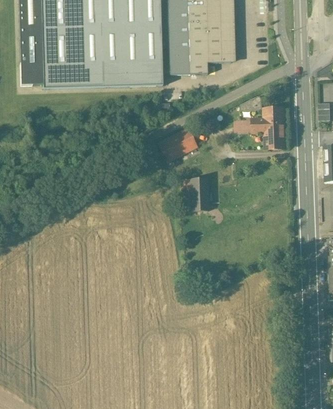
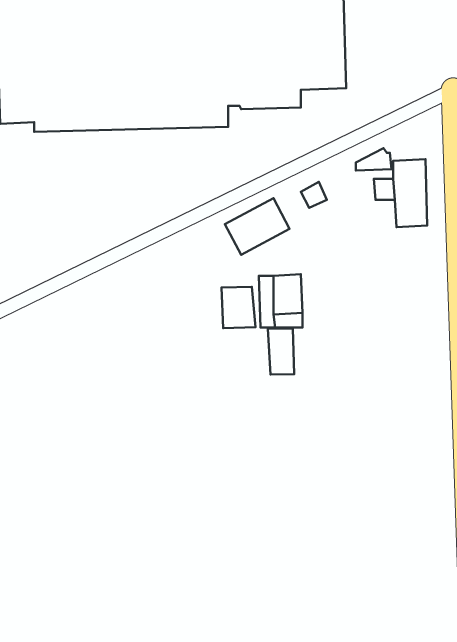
building: none -> [221,287,255,328]
building: none -> [268,328,294,374]

